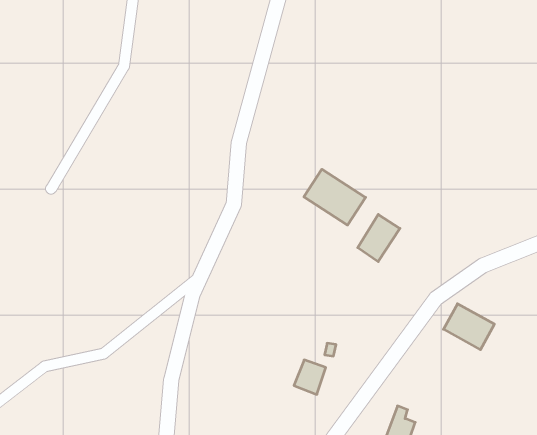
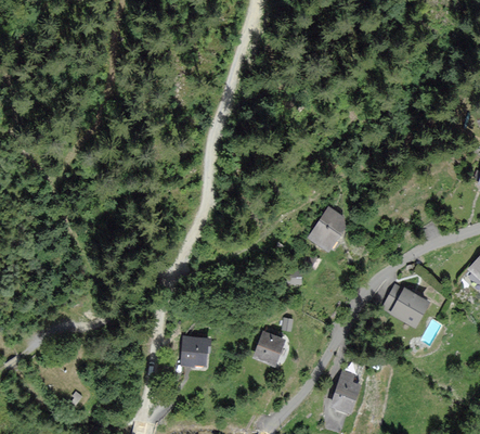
building: [304,169,366,225] -> none
building: none -> [181,336,208,365]

